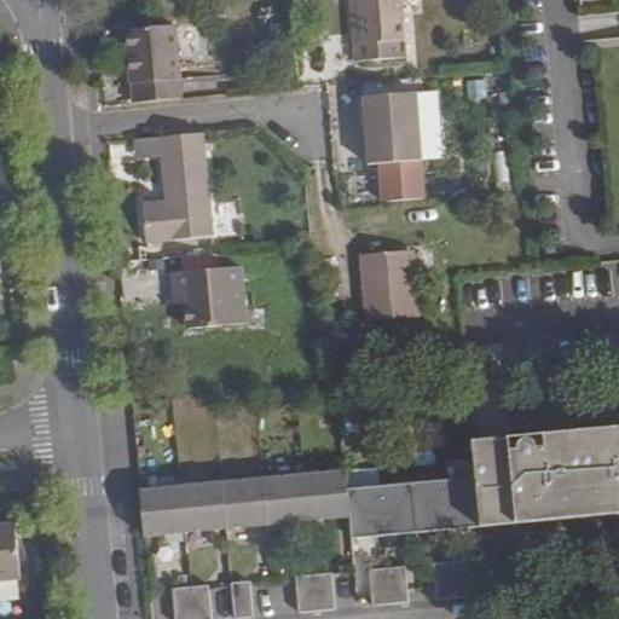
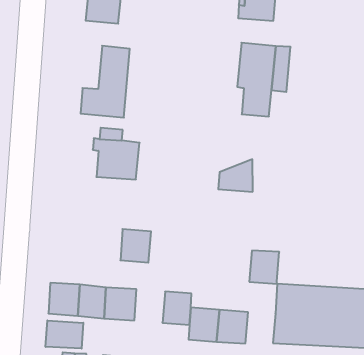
building: [352,248,406,291] -> none
building: [270,475,316,525] -> [120,229,151,263]
building: [438,480,482,531] -> [249,251,279,284]
building: none -> [46,320,83,349]

